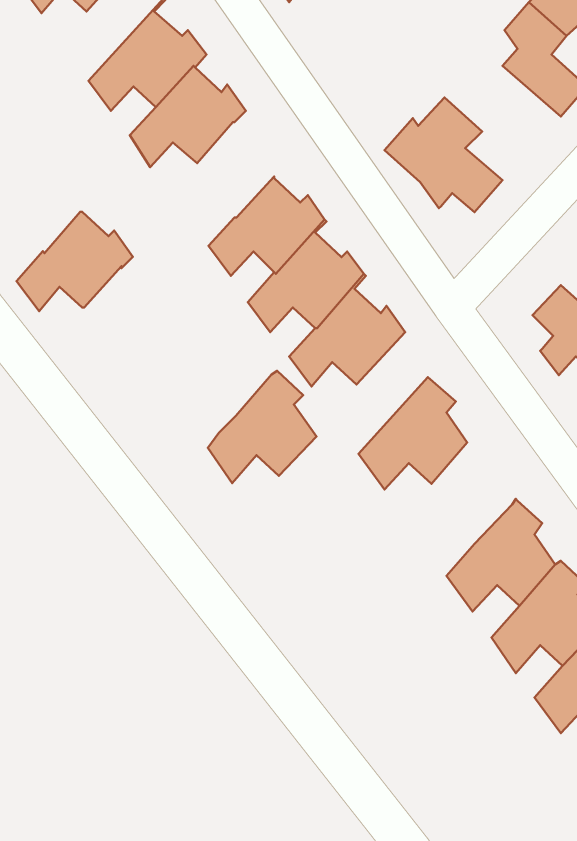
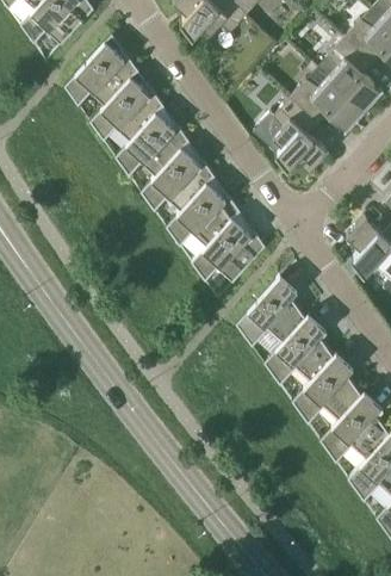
building: none -> [291,78,365,129]
building: [17,212,133,311] -> [116,113,190,176]
building: [208,371,316,483] -> [265,315,334,386]

